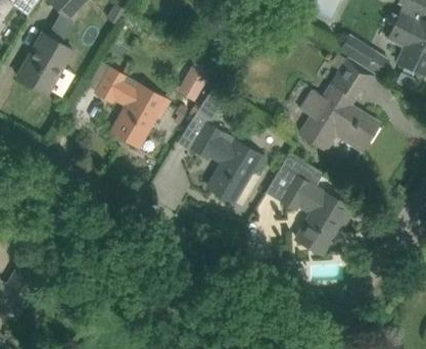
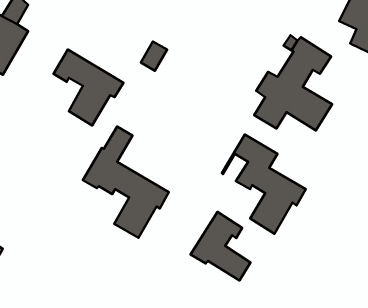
building: [339,35,388,74] -> none
building: [177,90,264,202] -> [83,126,169,238]
building: none -> [191,212,251,281]

